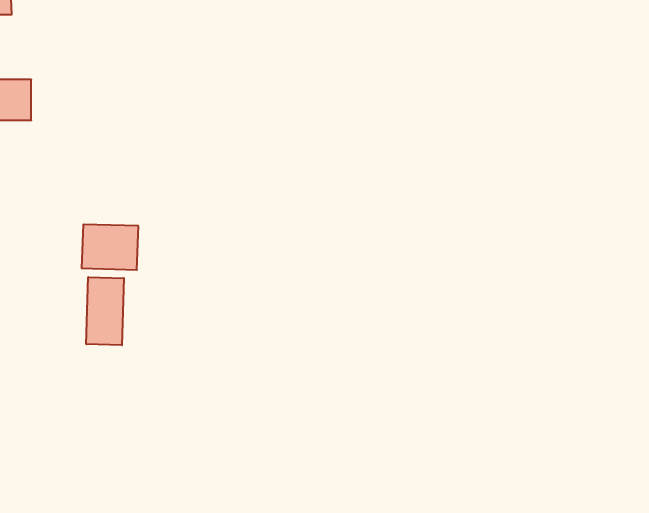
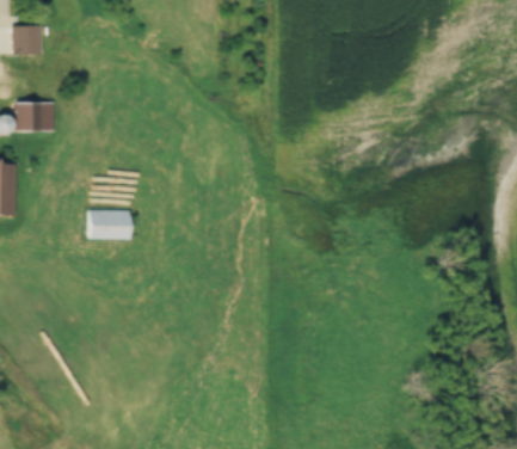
building: [86,277,124,345] -> none

